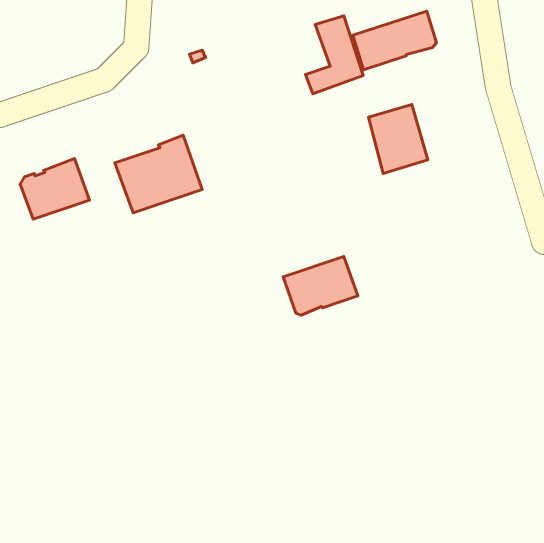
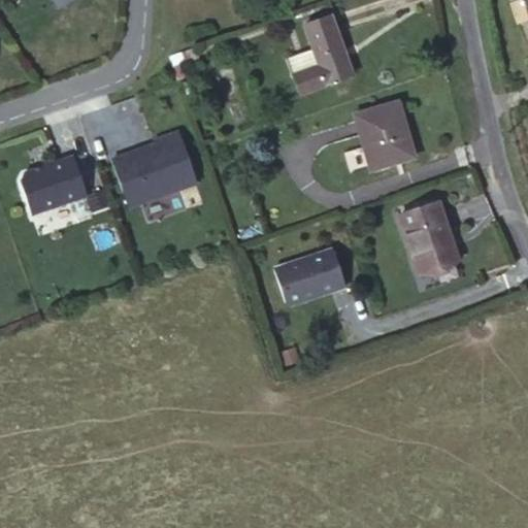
building: [353,11,436,70] -> none
building: none -> [401,201,458,271]

